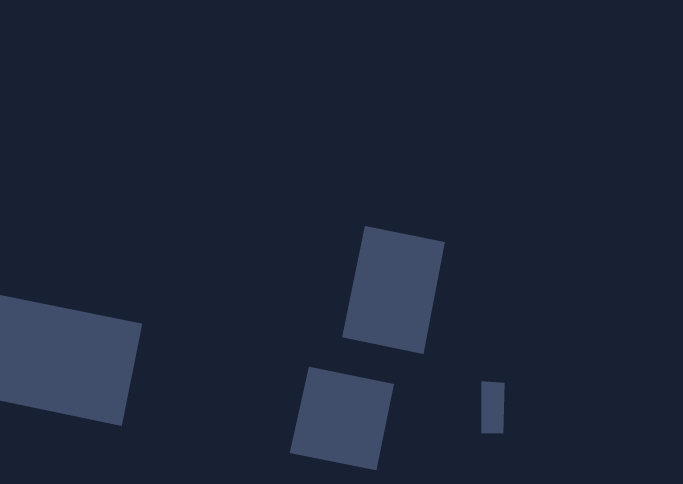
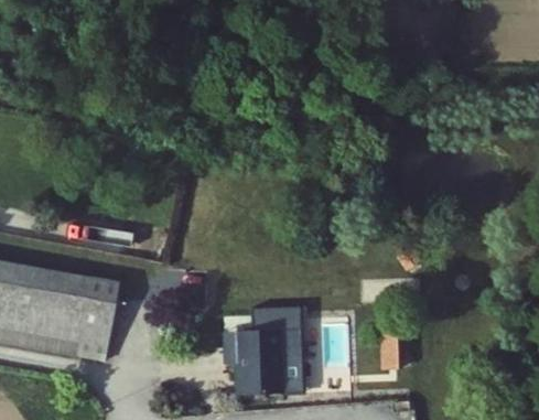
building: [341,225,446,355] -> none

